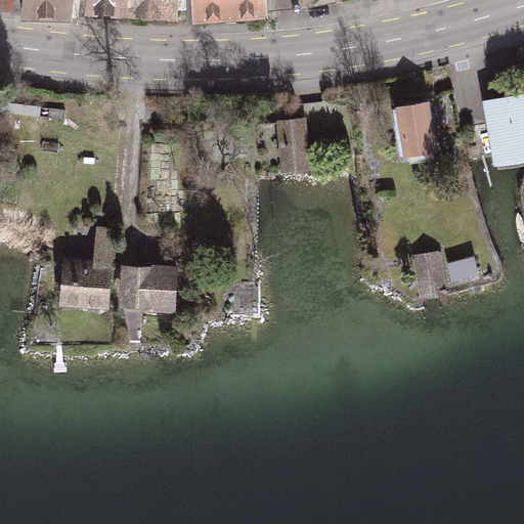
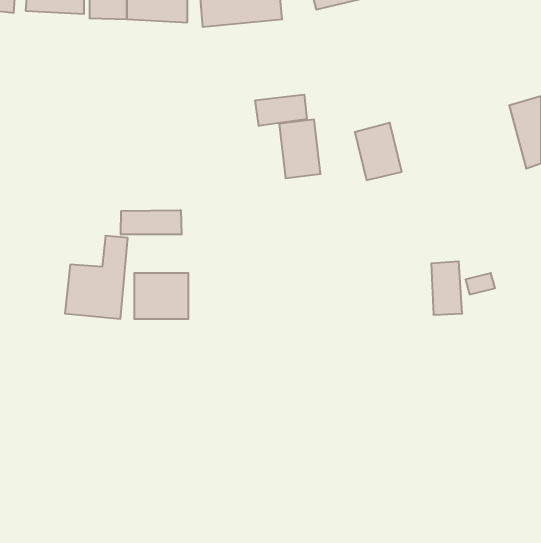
building: none -> [255,95,307,126]
building: [385,98,430,154] -> [355,123,402,180]
building: none -> [121,210,182,235]

